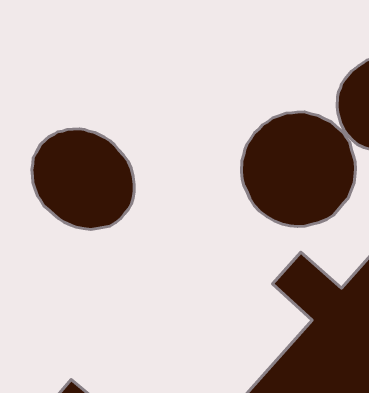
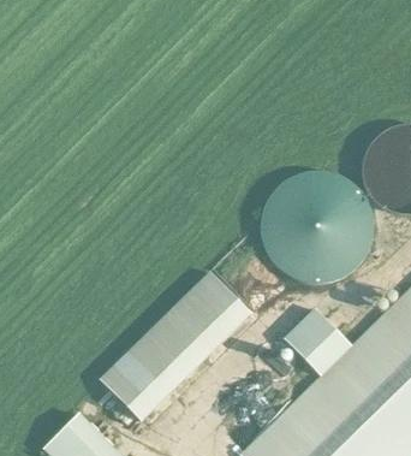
building: [32,129,134,229] -> none
building: none -> [101,272,252,422]

